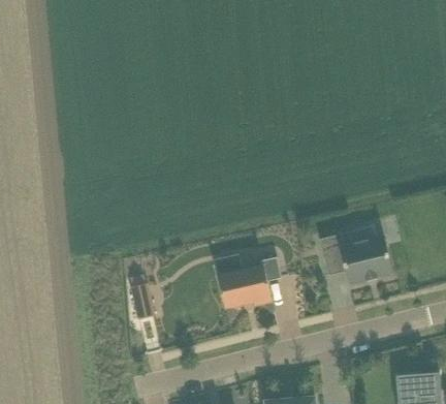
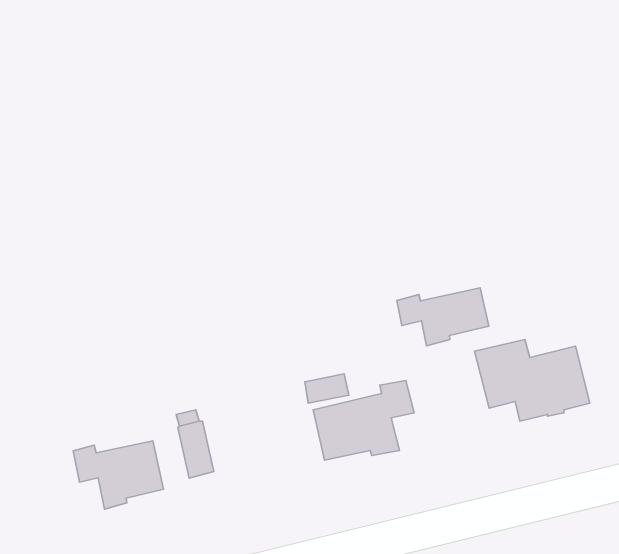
building: none -> [397,288,489,346]
building: none -> [73,441,164,509]

